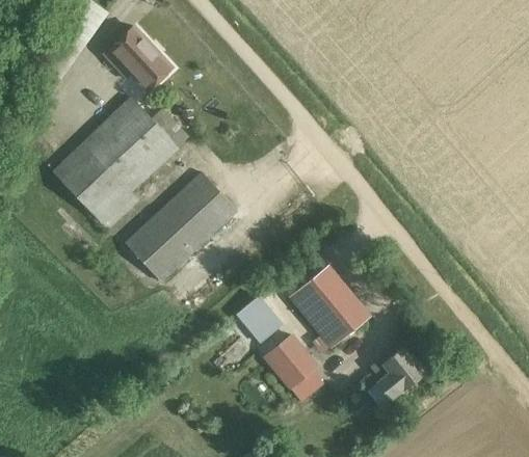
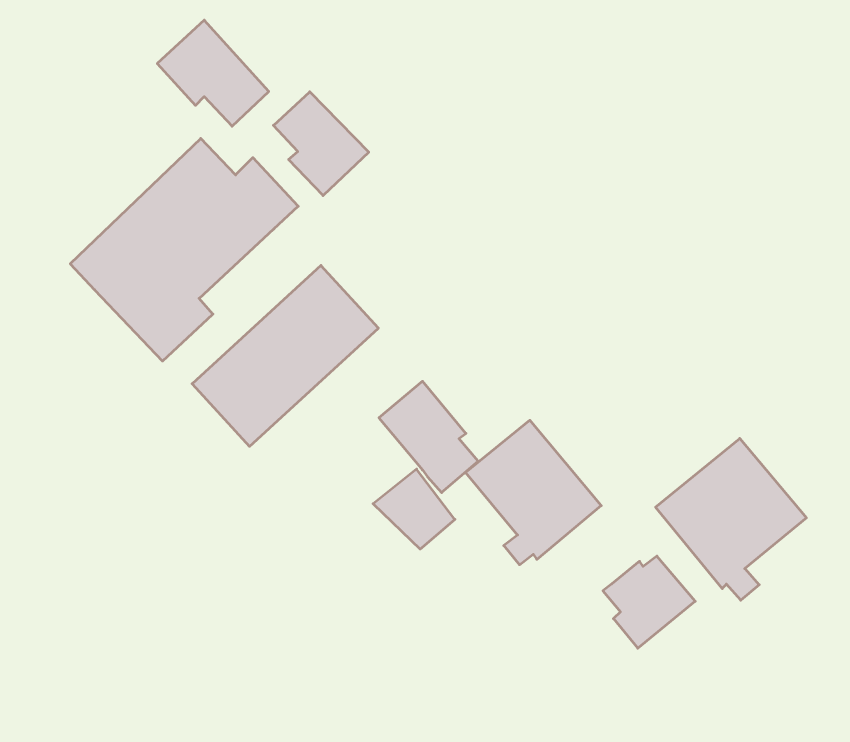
building: none -> [273,92,369,196]
building: none -> [656,438,806,600]
building: [266,335,325,402] -> [379,381,478,493]

